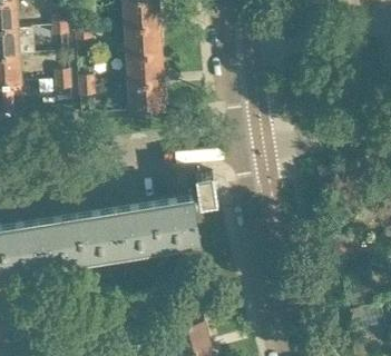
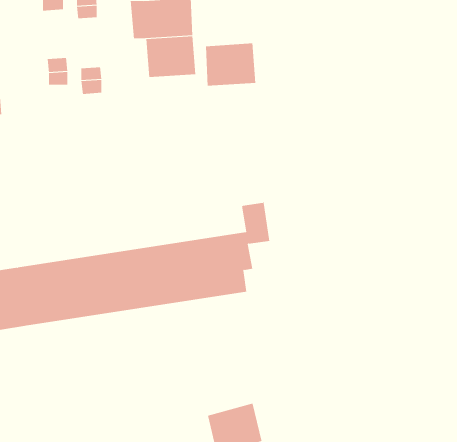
building: [130,86,167,117] -> [205,43,256,86]

